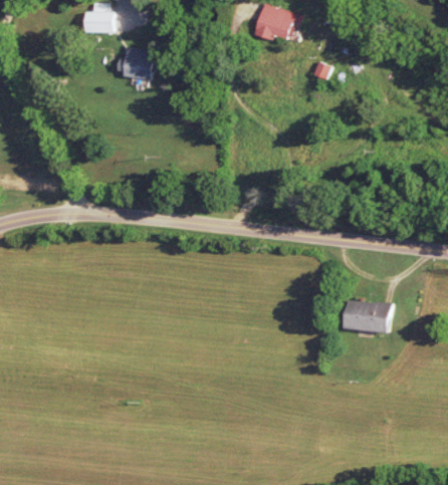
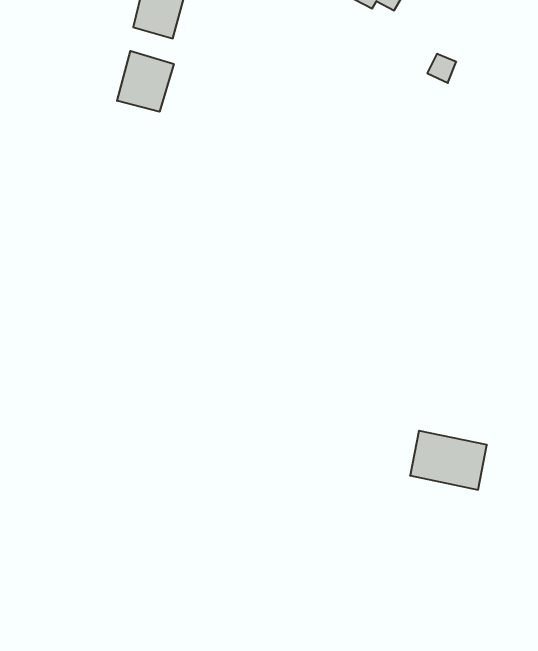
building: none -> [117,51,174,112]

